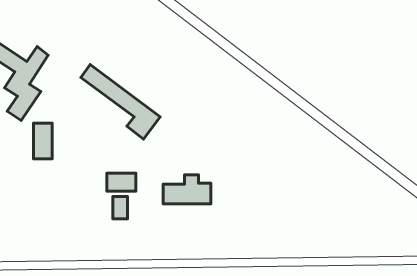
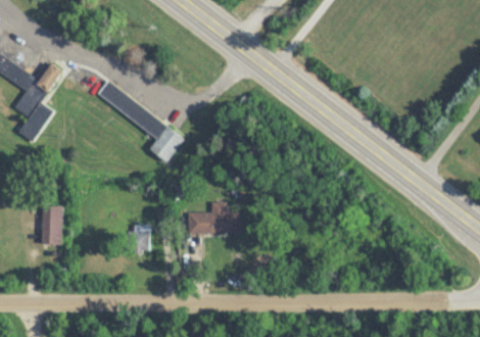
building: [34,123,52,159] -> [42,206,62,245]
building: [107,173,136,191] -> none

